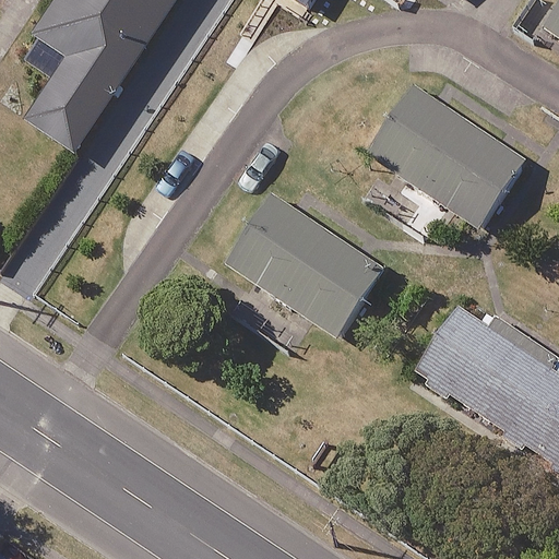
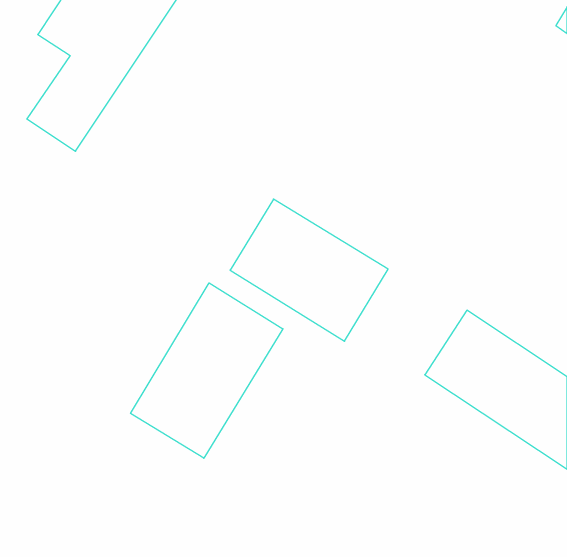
building: [370,86,522,225] -> none
building: none -> [131,283,283,458]

